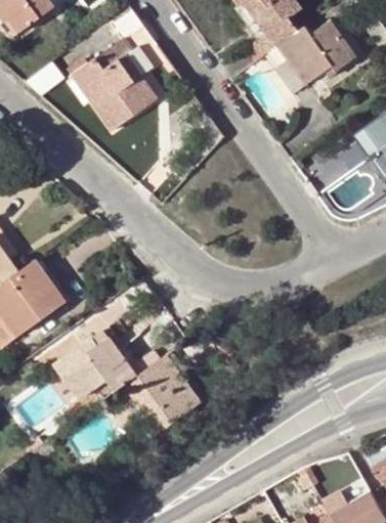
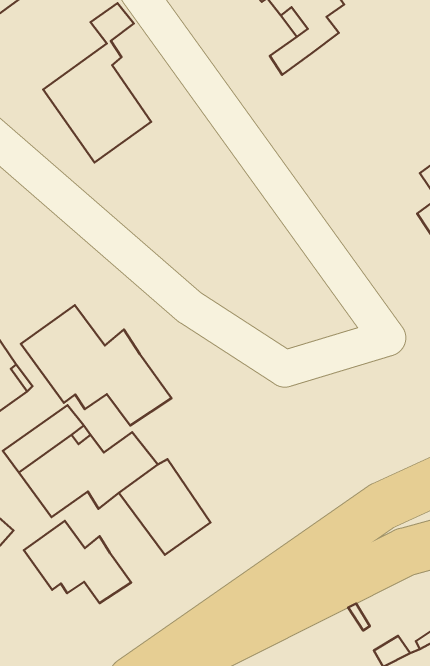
building: [273,21,354,95] -> none
building: none -> [21,305,172,426]
building: none -> [24,521,131,603]

